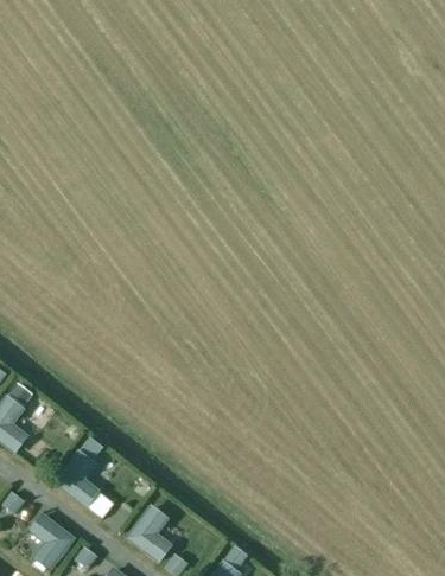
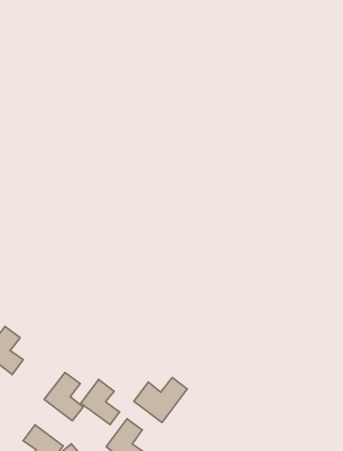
building: none -> [134,378,187,422]
building: none -> [81,379,120,425]

